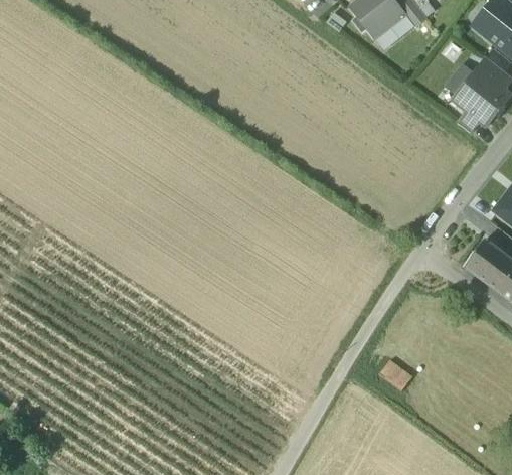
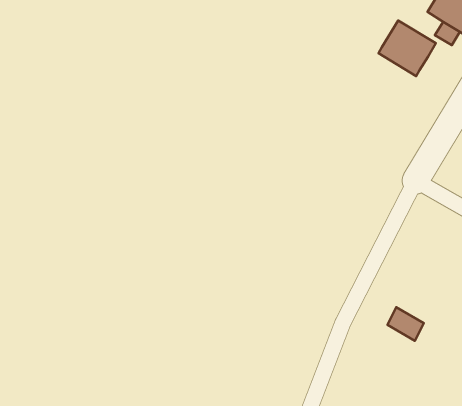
building: none -> [378,20,436,76]

